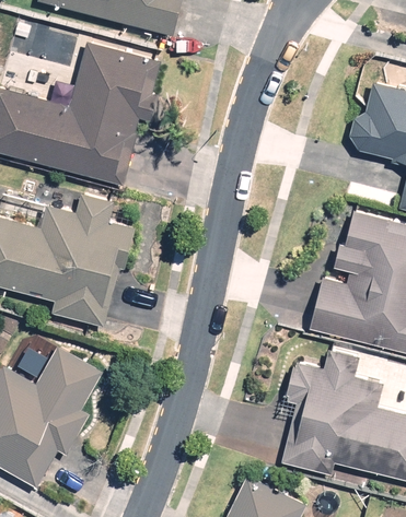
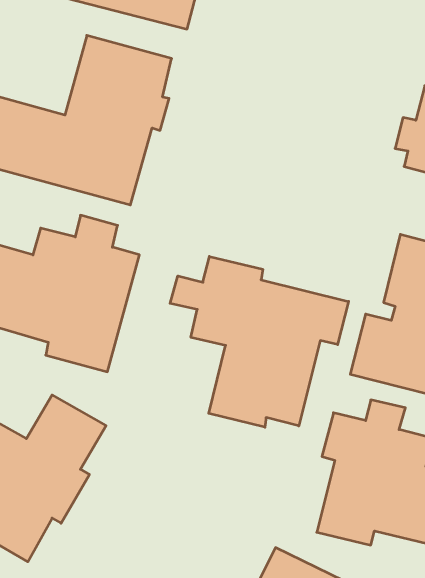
building: none -> [170,256,349,427]

